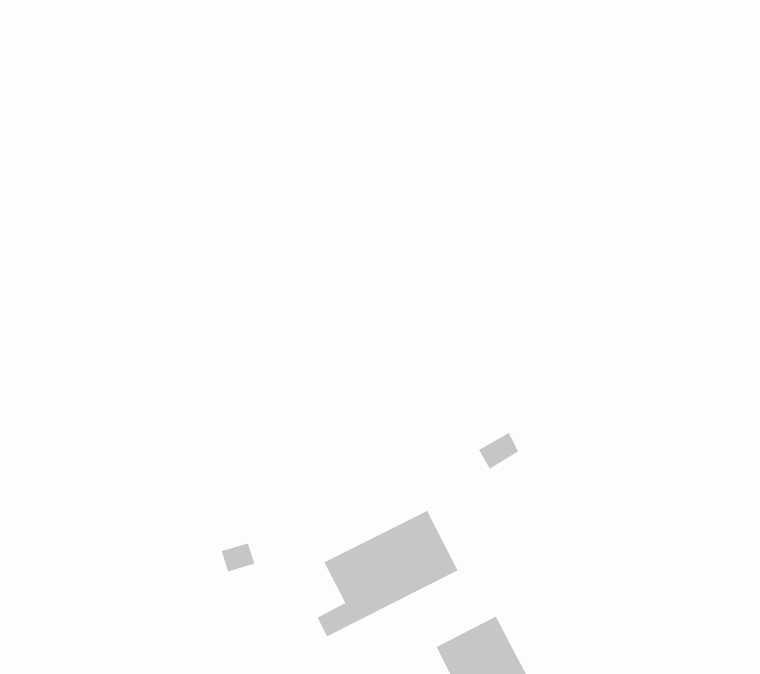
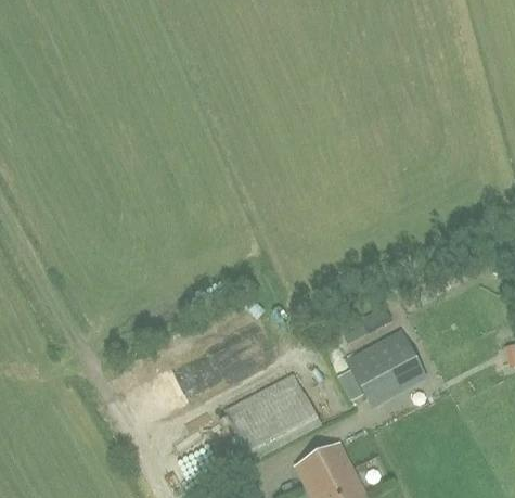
building: none -> [346,330,420,396]

